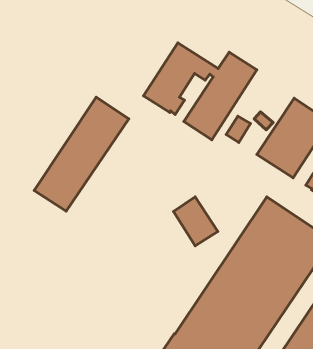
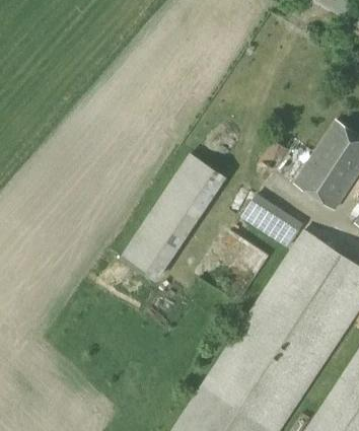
building: [143,43,257,140] -> none
building: [34,97,129,211] -> [121,154,226,282]
building: none -> [240,194,303,248]

